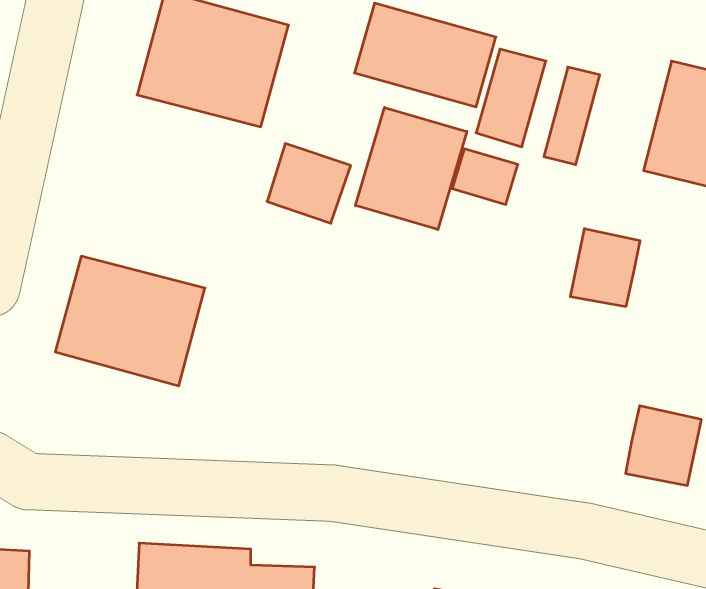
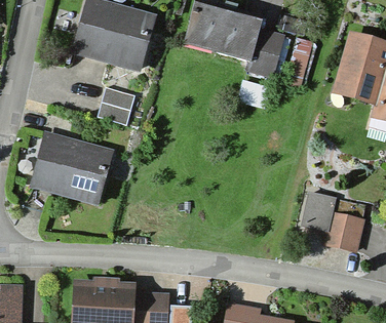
building: [355,107,467,230] -> none
building: [267,144,351,223] -> [94,85,138,126]
building: [570,229,640,306] -> [301,190,337,230]

